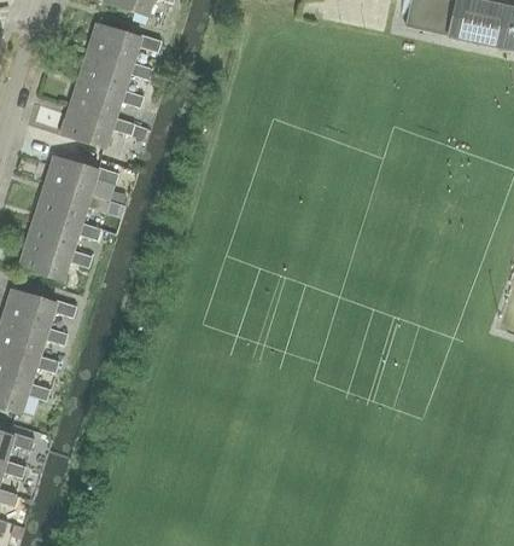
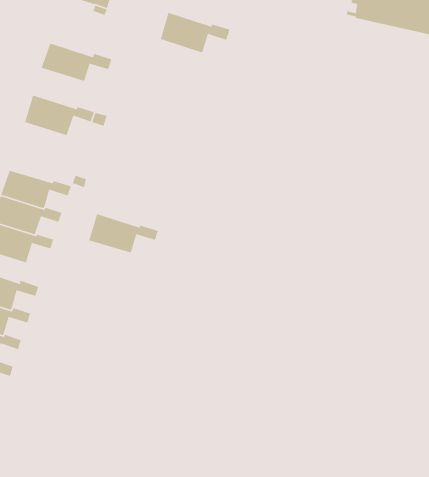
building: [87,22,160,65] -> [160,12,230,53]
building: [69,77,144,120] -> none
building: [45,155,118,197] -> [88,213,159,254]

